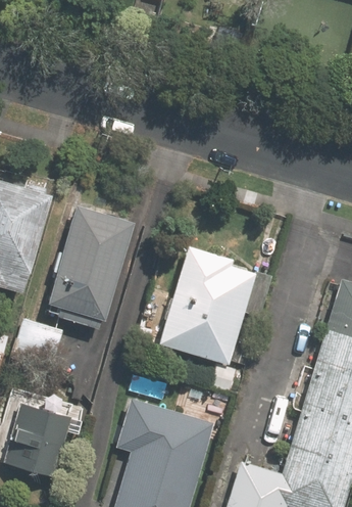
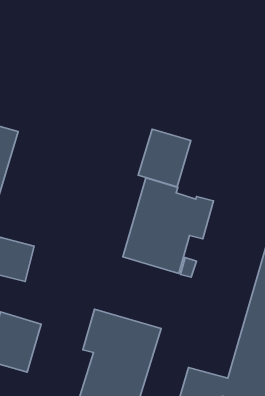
building: none -> [138,129,191,187]
building: [49,210,127,328] -> none

